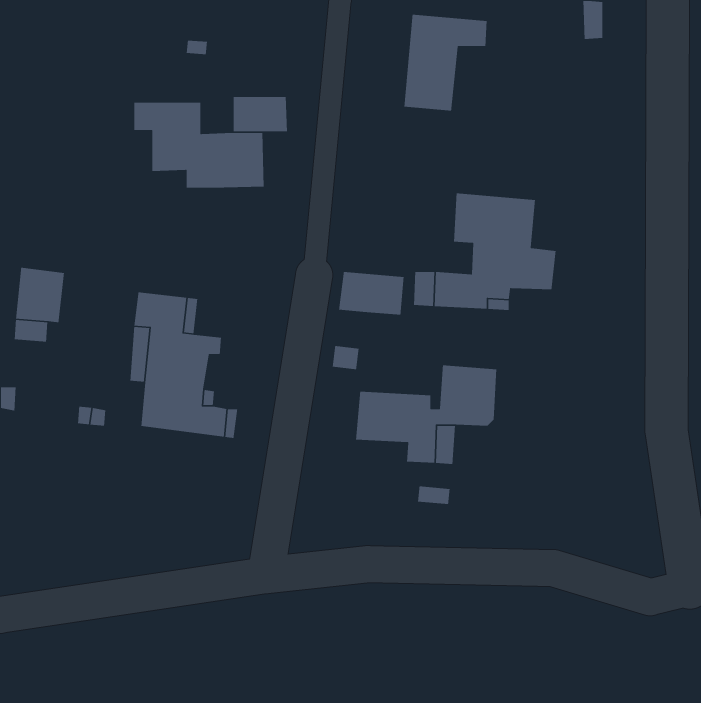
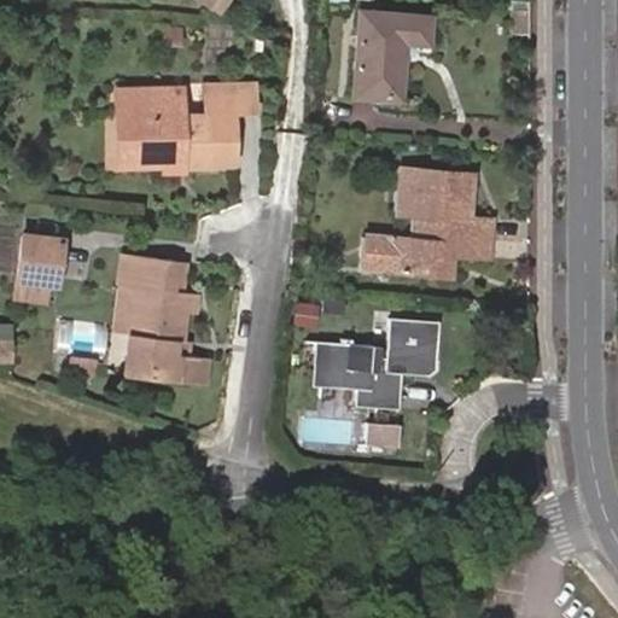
building: none -> [119,115,165,165]
building: [338,271,404,316] -> none

